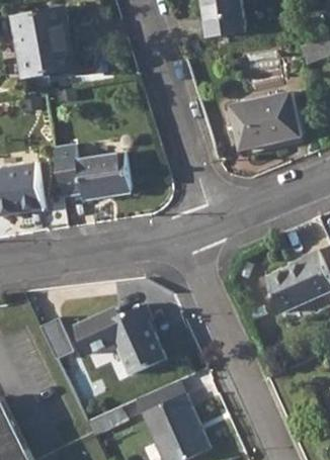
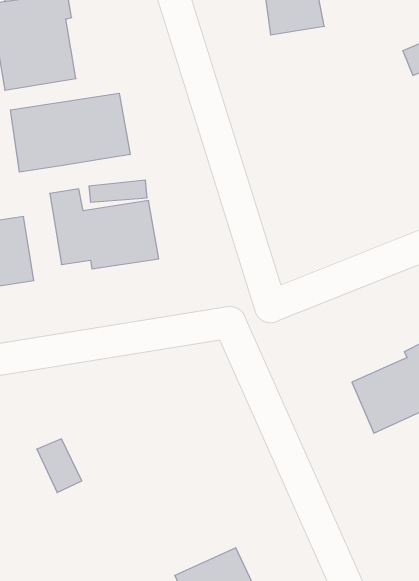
building: none -> [10,93,130,172]
building: [230,93,298,149] -> none
building: [74,304,163,373] -> none

